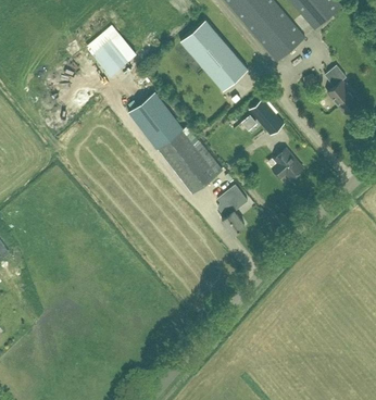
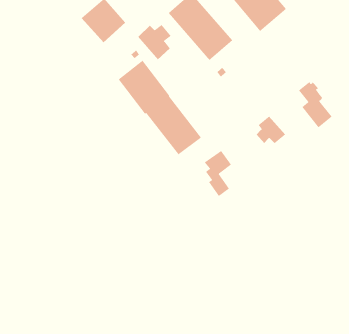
building: none -> [138,24,172,60]
building: [324,64,360,113] -> [298,81,333,128]
building: [249,99,284,135] -> none

